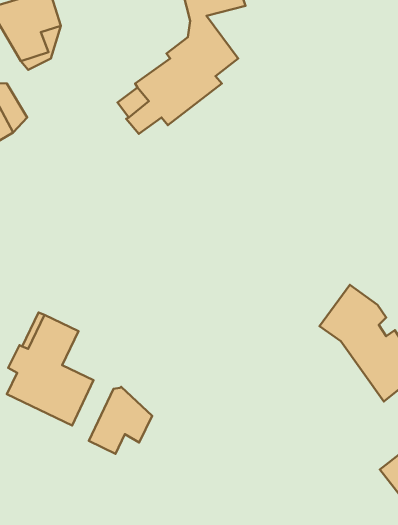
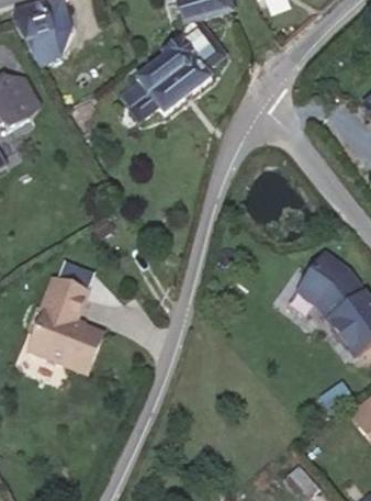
building: [89,387,152,454] -> none

